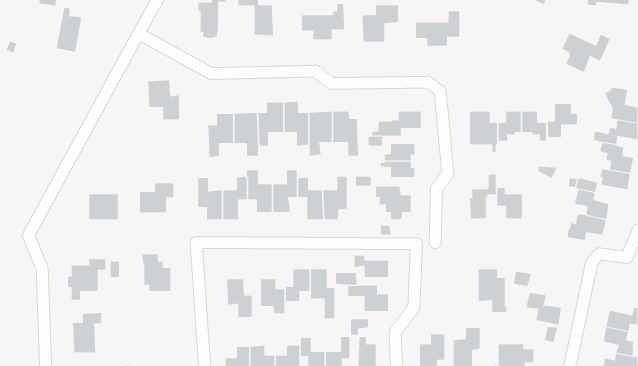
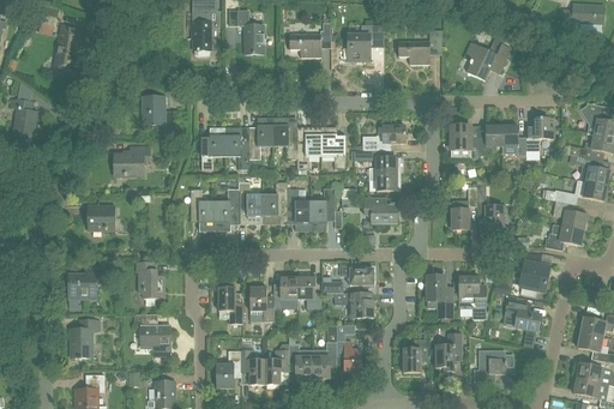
building: [562,33,610,73] -> [463,41,510,79]
building: none -> [10,97,37,151]
building: [139,183,174,213] -> [115,145,149,174]
building: none -> [518,252,549,295]
building: none -> [426,275,451,323]
building: none -> [136,313,169,347]

